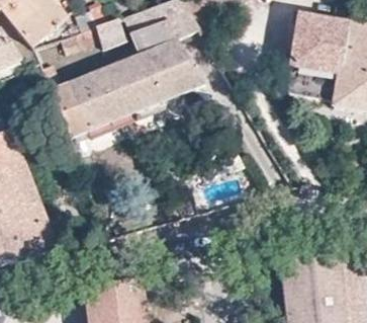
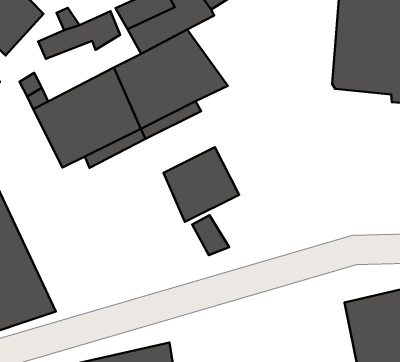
building: none -> [164,147,239,222]

